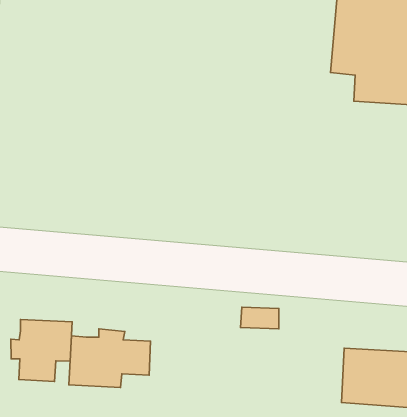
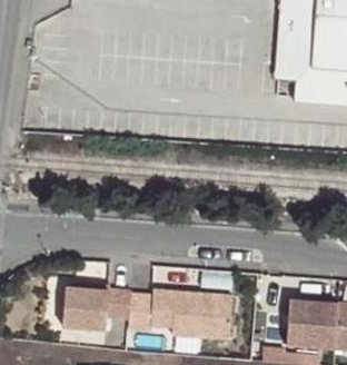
building: [11,319,72,382] -> none
building: none -> [127,292,230,341]

